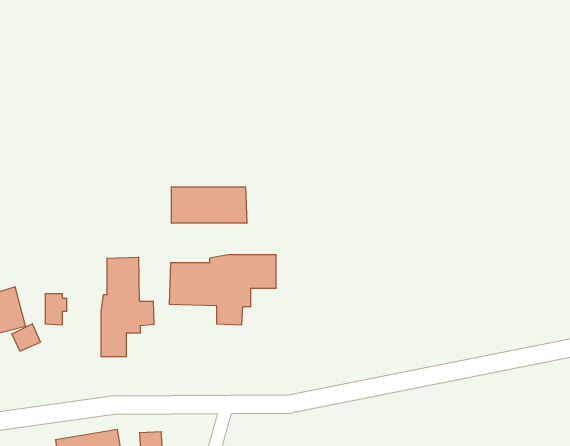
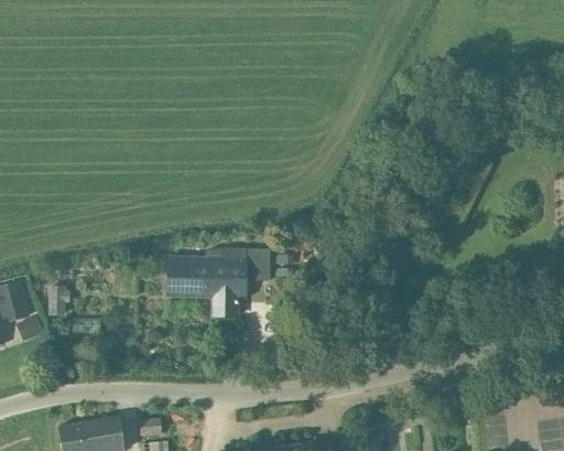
building: [171,187,247,223] -> none
building: [101,257,154,357] -> none

